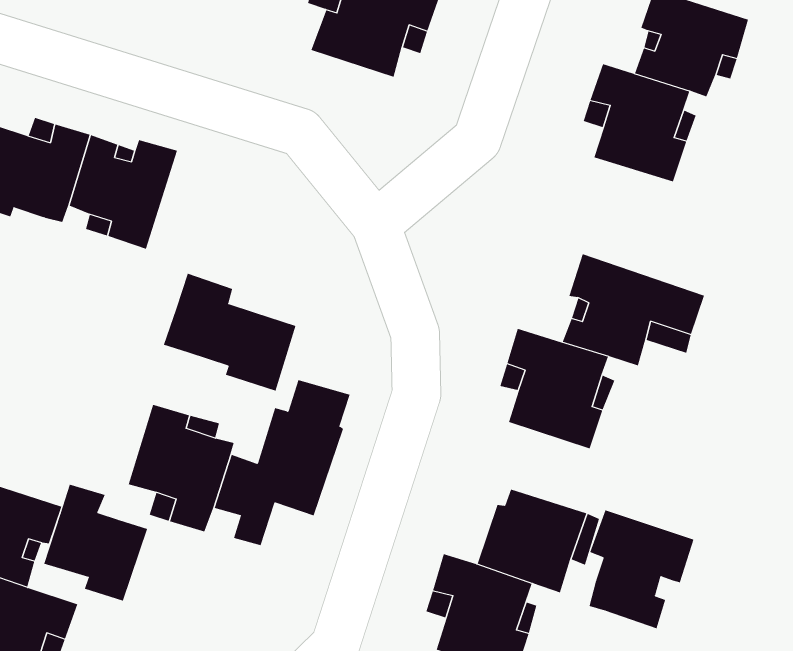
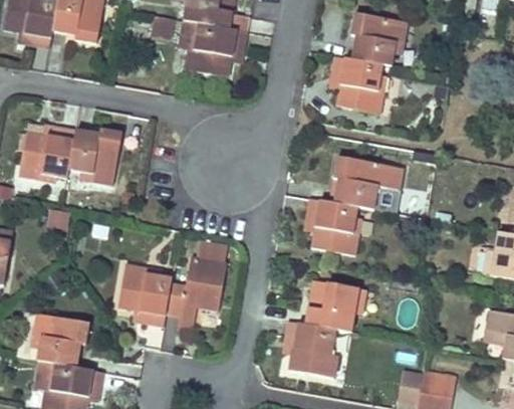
building: [163,273,296,391] -> none
building: [43,484,148,601] -> none
building: [589,509,694,629] -> none

